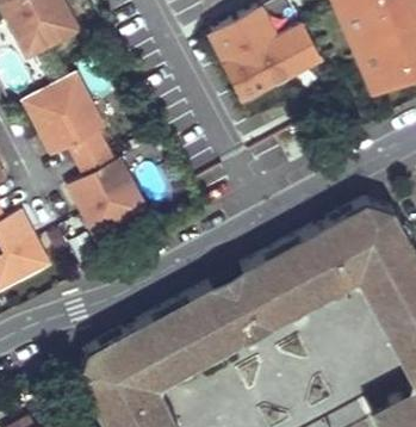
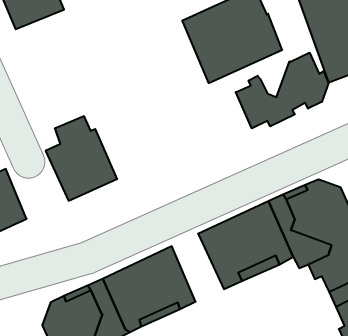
building: none -> [236,53,329,128]
building: [24,75,106,162] -> none
building: [211,266,271,340] -> none

